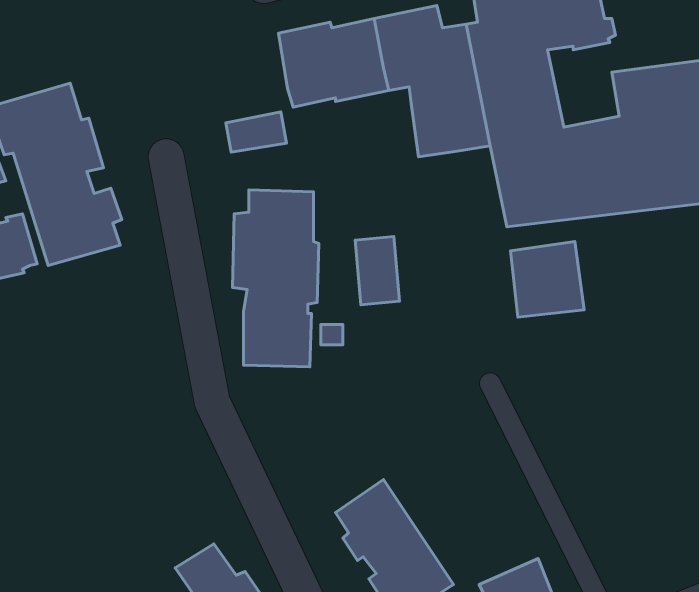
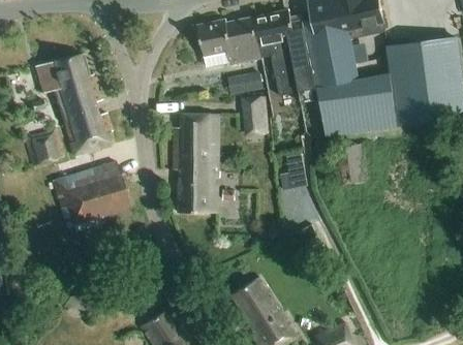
building: [226,112,287,152] -> [227,71,261,94]
building: [355,237,399,305] -> [240,97,265,135]
building: none -> [51,160,131,234]

